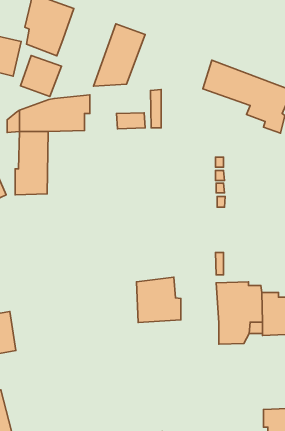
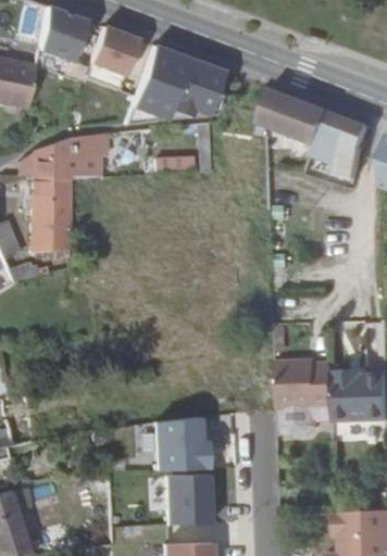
building: none -> [166,56,225,117]
building: [21,56,61,97] -> [89,25,139,75]
building: [136,277,181,323] -> [153,416,208,471]
building: none -> [165,475,210,523]

